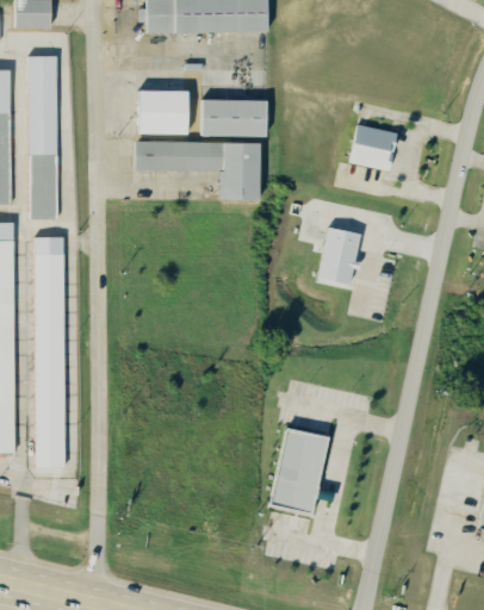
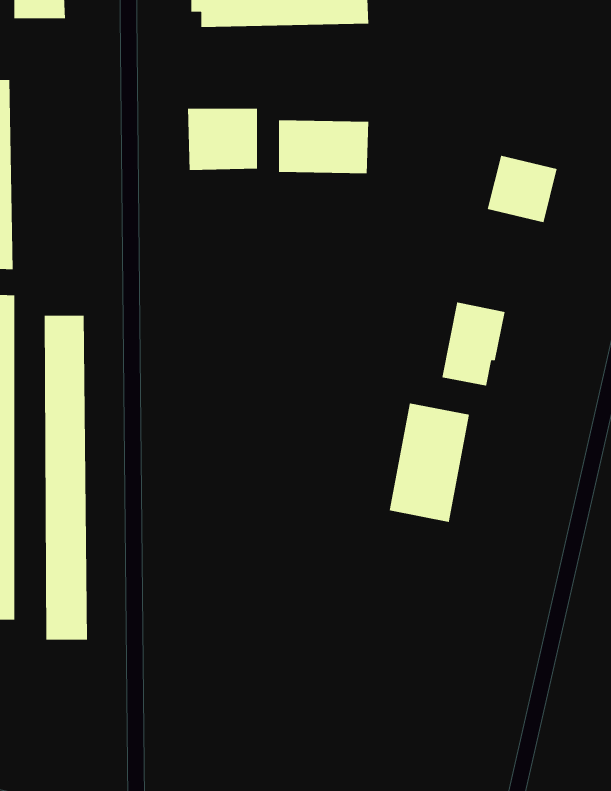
building: [30,56,60,219] -> none
building: [135,141,257,200] -> none
building: [269,429,327,513] -> [389,403,470,522]

